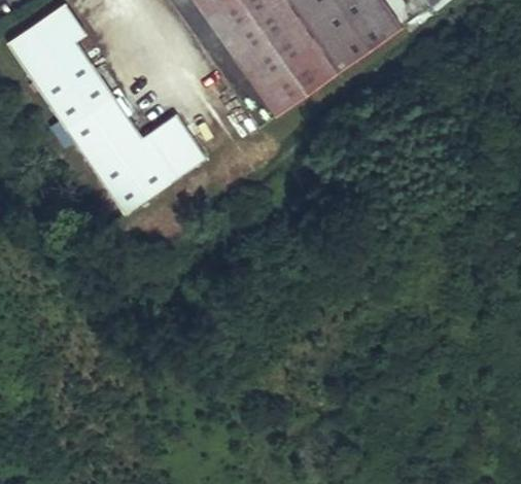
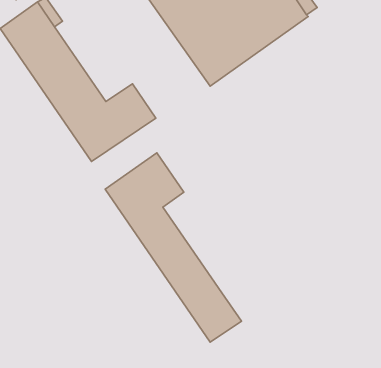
building: none -> [105,153,241,342]

